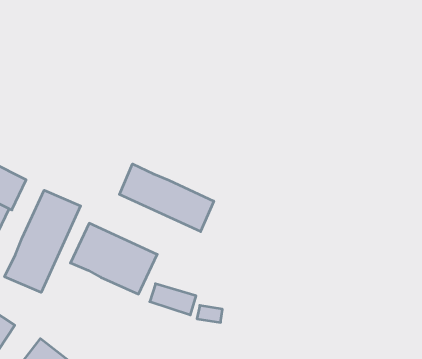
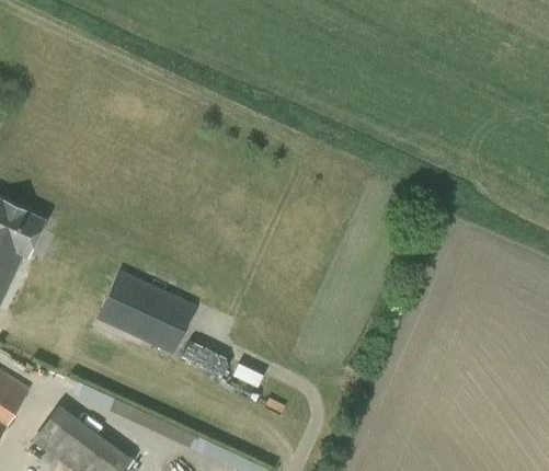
building: [119,164,214,232] -> none
building: [5,190,81,292] -> none

